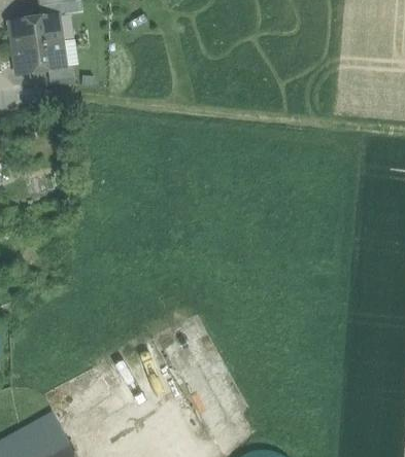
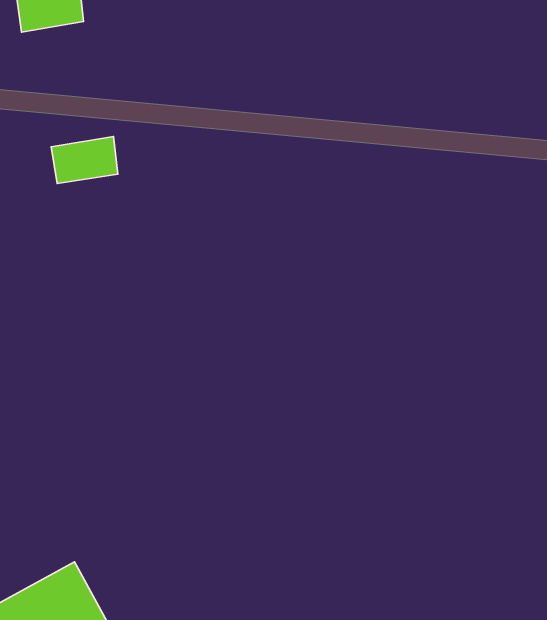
building: [15,46,61,78] -> [51,136,118,183]

